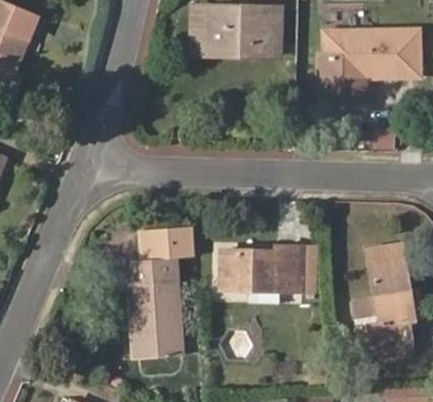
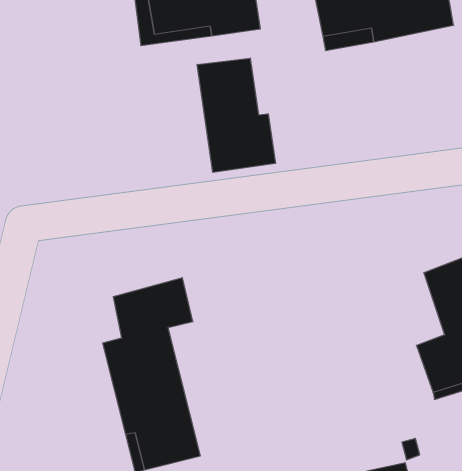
building: none -> [197,58,276,172]
building: [223,246,303,290] -> none

